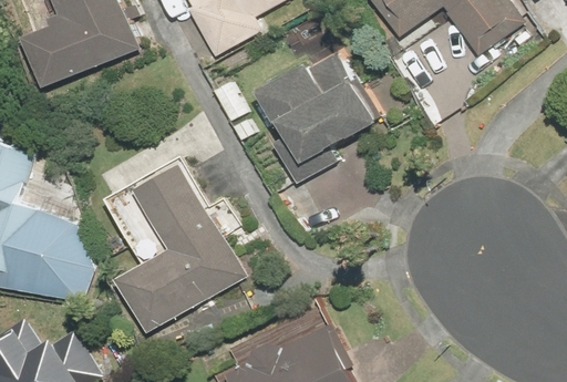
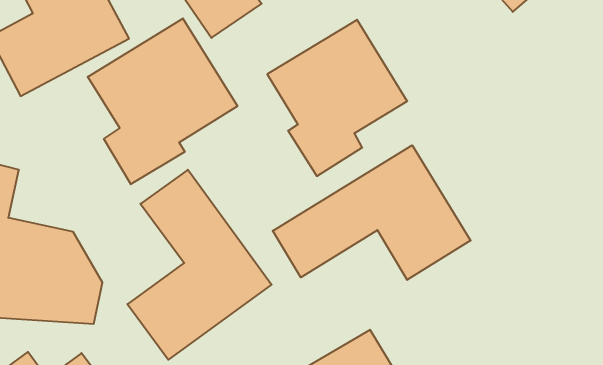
building: none -> [88,18,237,184]
building: none -> [273,145,471,280]

